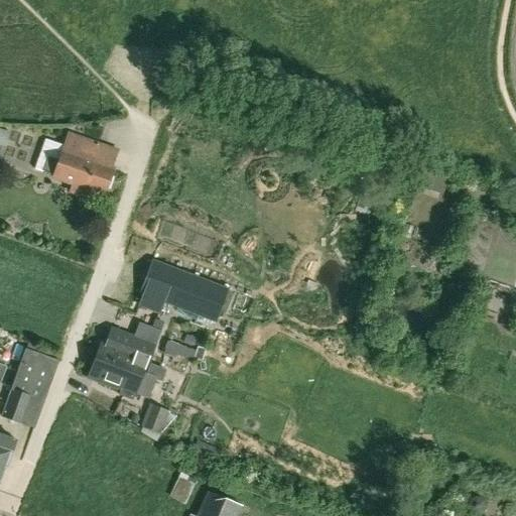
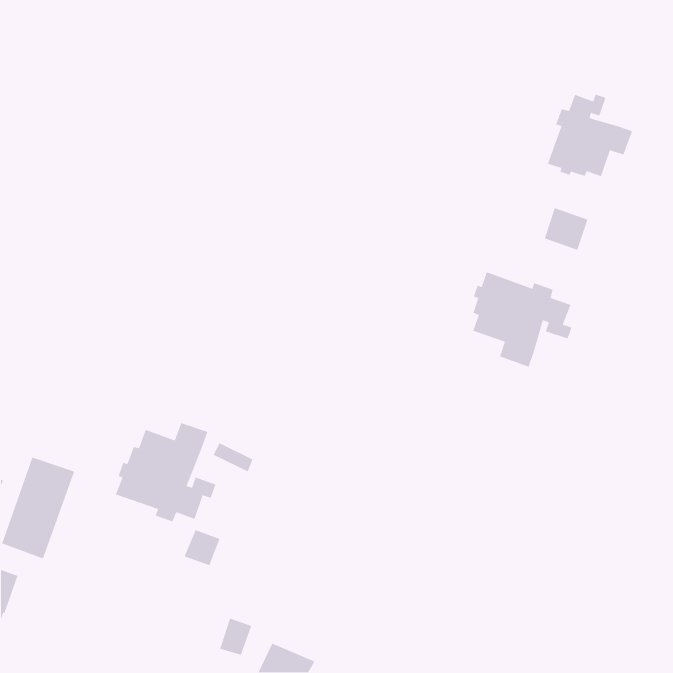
building: none -> [547,94,633,177]
building: [34,135,112,194] -> none
building: none -> [472,271,572,368]
building: [139,261,228,320] -> none

